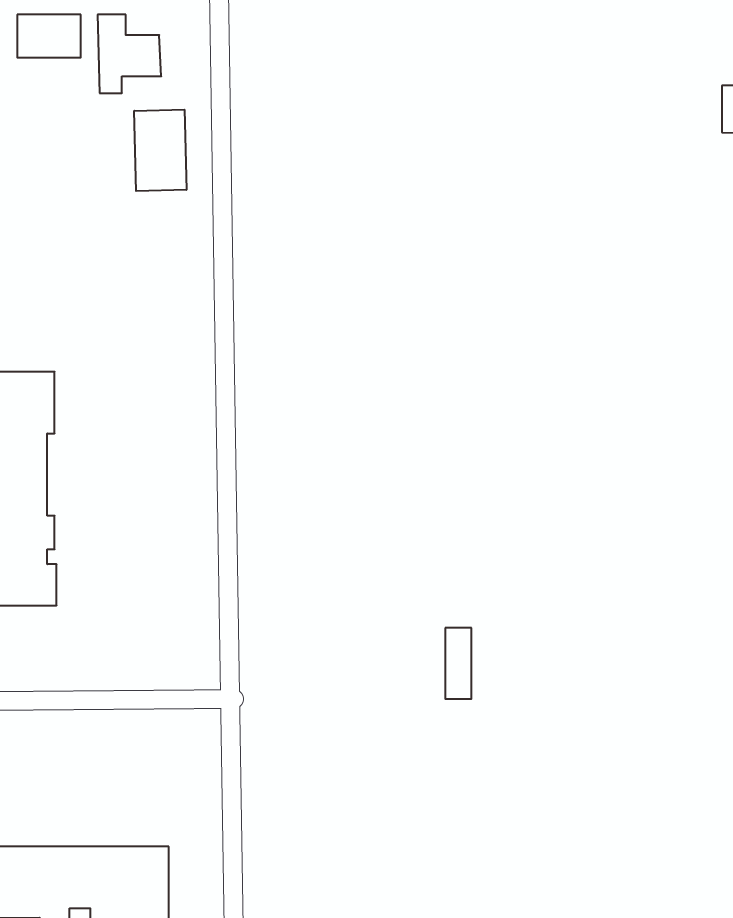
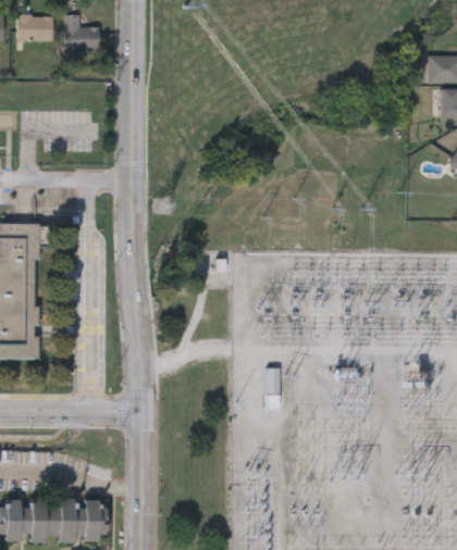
building: [134,110,186,191] -> none

